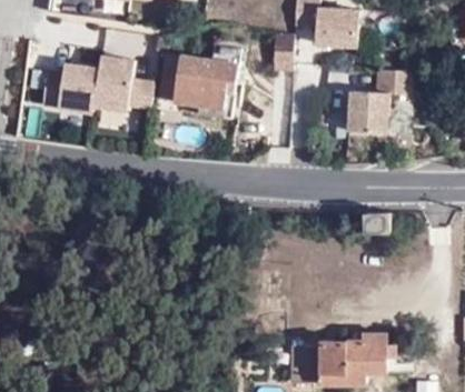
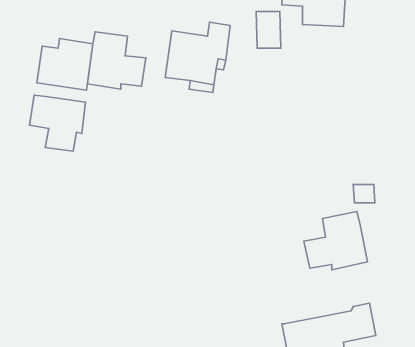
building: [347,70,410,133] -> none
building: none -> [30,95,86,151]
building: none -> [304,212,368,270]

